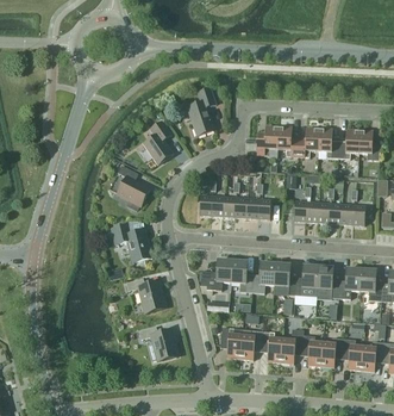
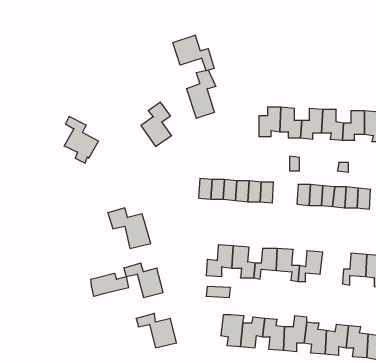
building: none -> [173,35,214,71]
building: [115,164,149,210] -> [64,116,99,163]
building: [315,266,338,297] -> none
building: none -> [91,273,129,296]

